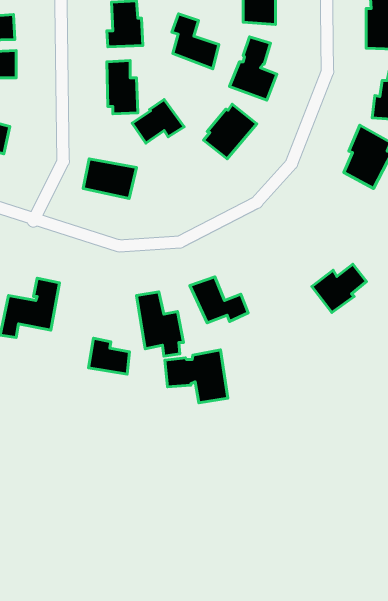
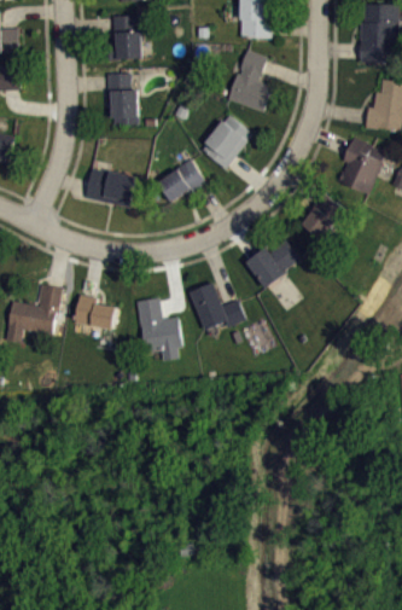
building: [172,14,219,69] -> none
building: [132,100,184,143] -> [158,158,209,201]
building: none -> [302,193,350,239]
building: [312,264,367,313] -> [246,240,299,287]
building: [89,338,130,374] -> [75,294,115,329]
building: [165,350,228,403] -> none

